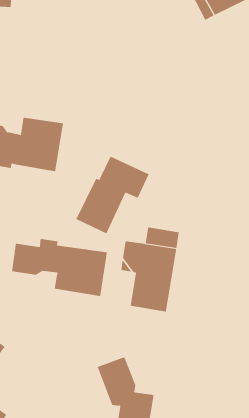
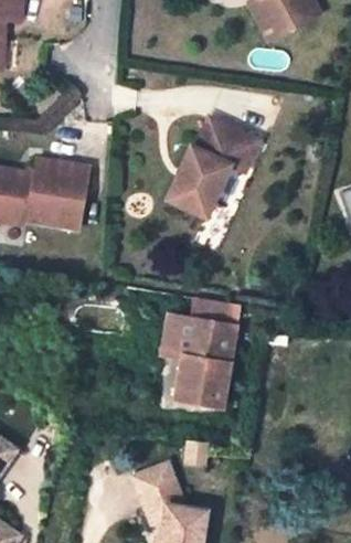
building: [75,156,149,234] -> [166,118,259,217]
building: [12,238,107,297] -> none

